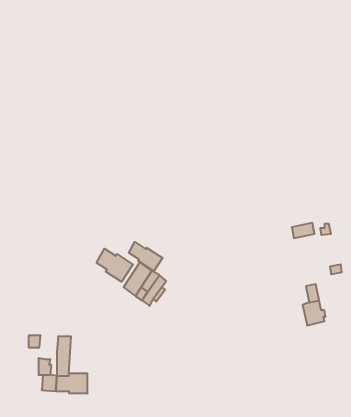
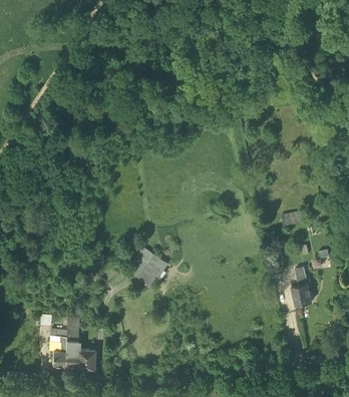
building: [129,242,162,271] -> none
building: [97,249,133,282] -> none

